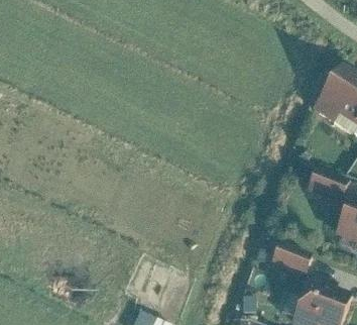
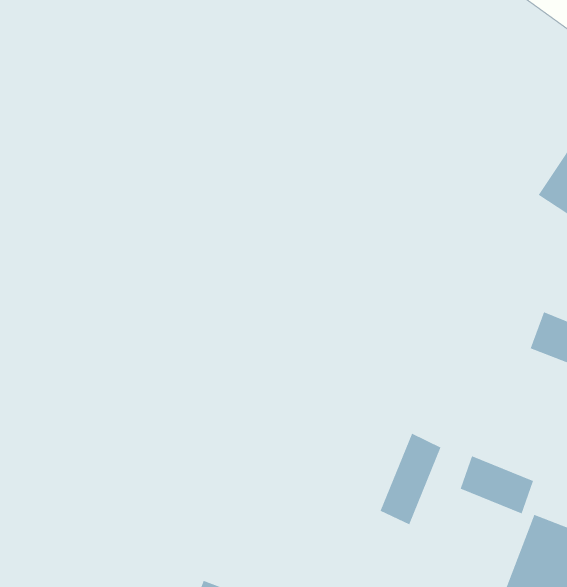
building: none -> [380,433,441,525]

